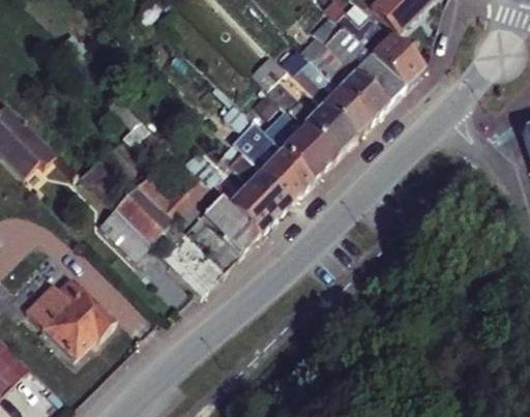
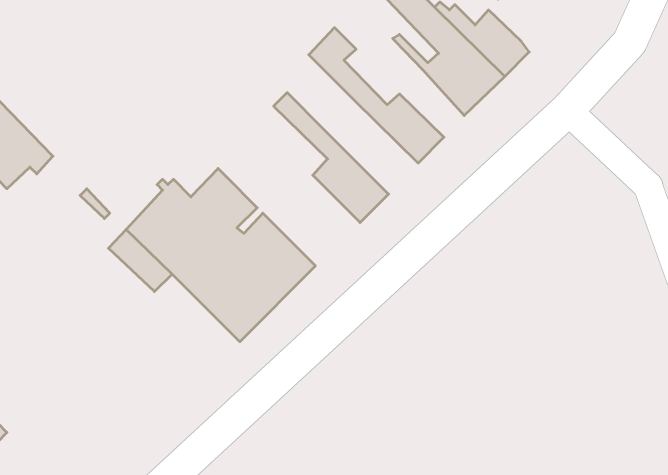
building: [301,62,372,136] -> none
building: [265,108,336,179] -> none
building: [189,144,292,234] -> none
building: [27,280,115,355] -> none

